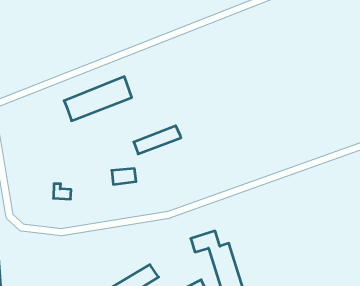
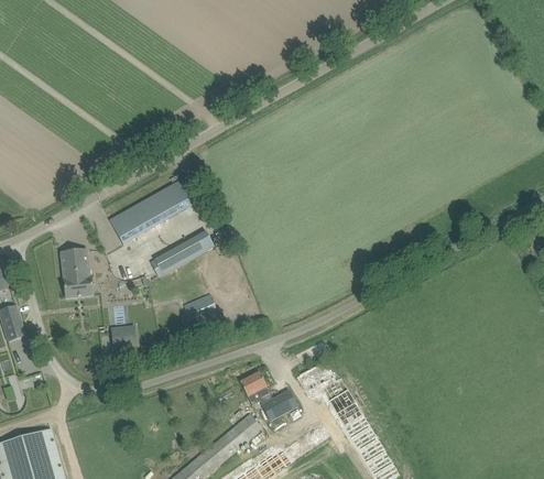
building: none -> [59,249,91,297]
building: [134,126,181,154] -> [153,231,213,274]
building: none -> [238,371,295,420]

